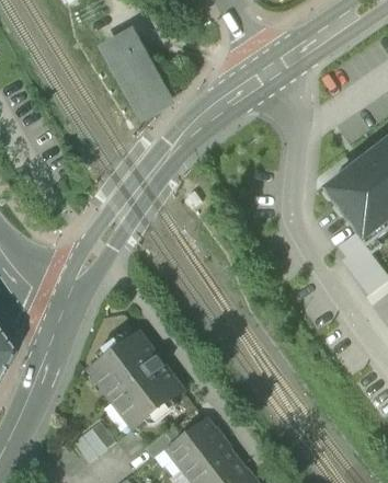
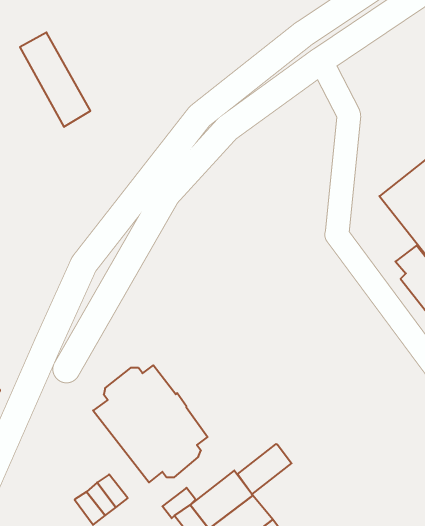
building: [110,36,168,114] -> [20,32,90,127]
building: none -> [238,444,292,494]

